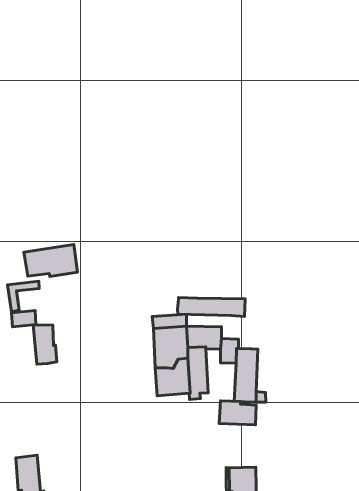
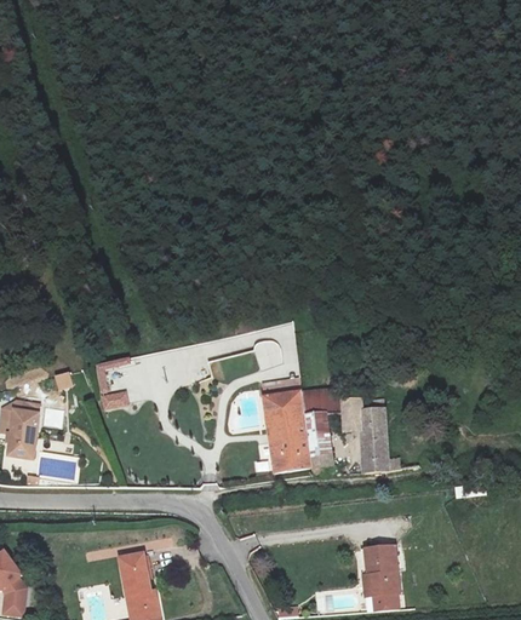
building: [24,245,77,277] -> none
building: [178,298,245,316] -> none
building: [33,325,57,364] -> none
building: [219,401,256,425] -> none

